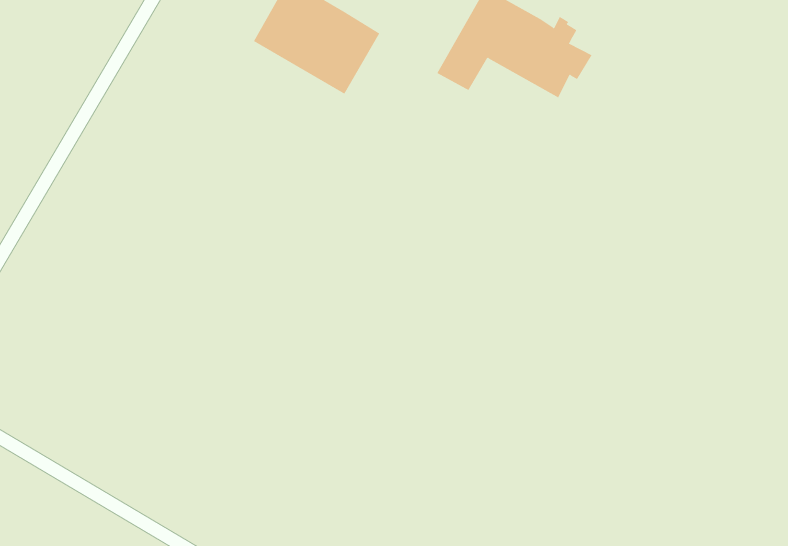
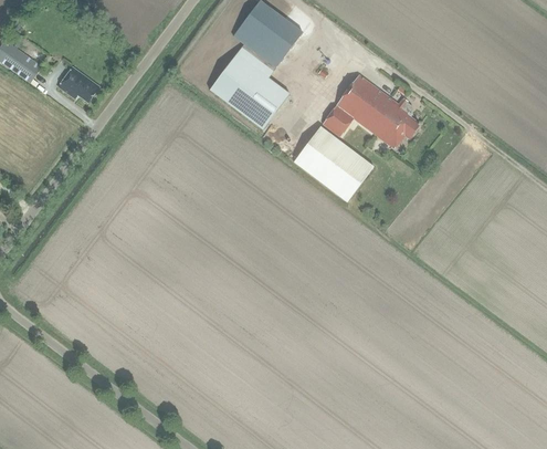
building: none -> [60,65,99,101]
building: none -> [293,126,372,201]

